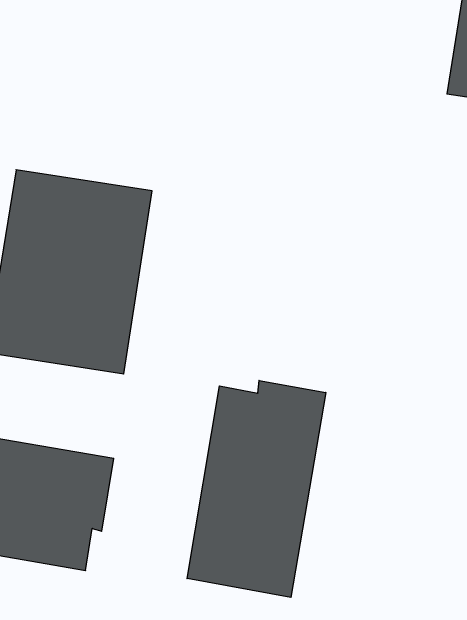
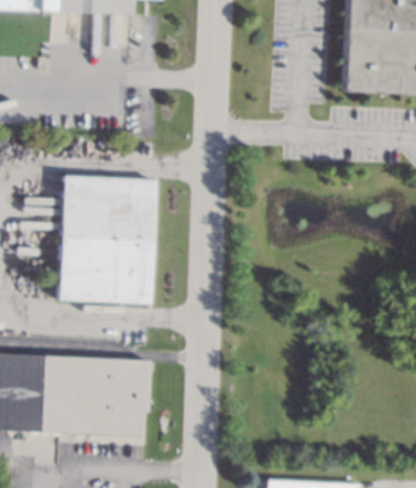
building: [187,380,326,597] -> none

